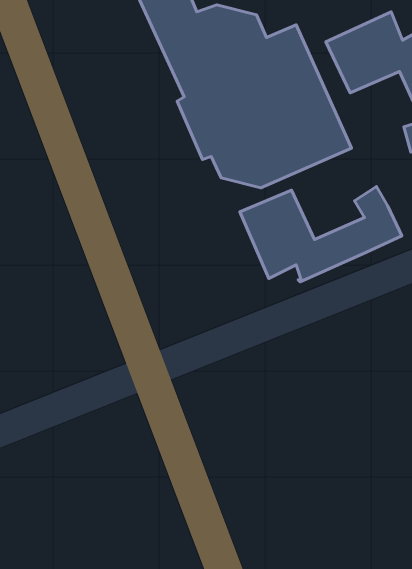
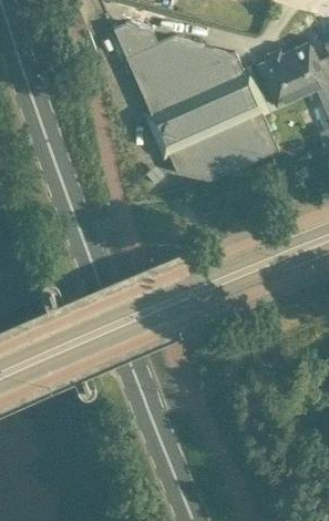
building: [240,187,402,282] -> none

